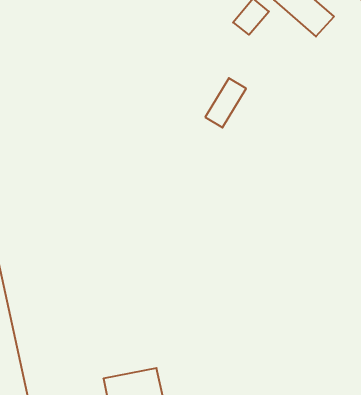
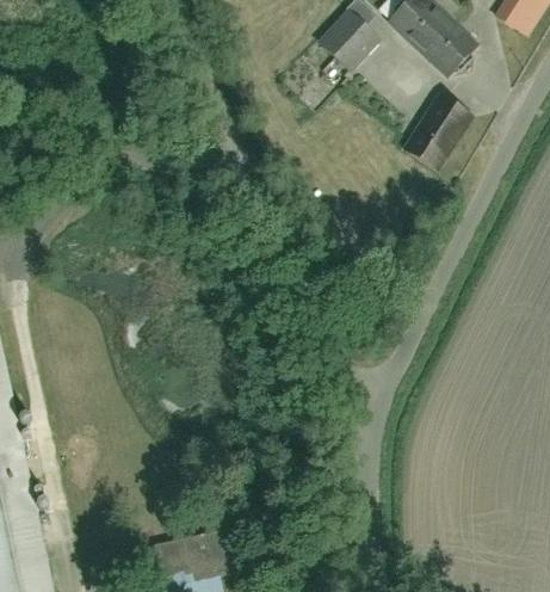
building: [205,78,246,128] -> [408,104,464,172]

